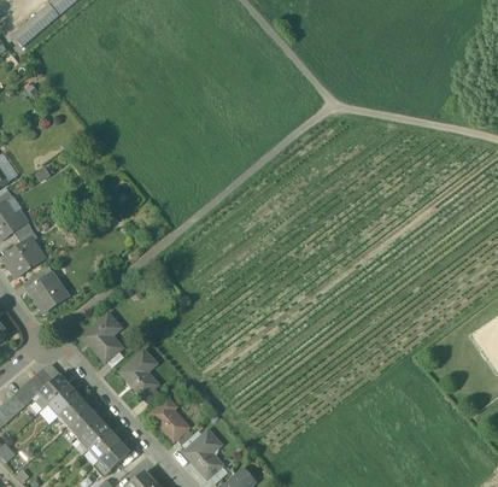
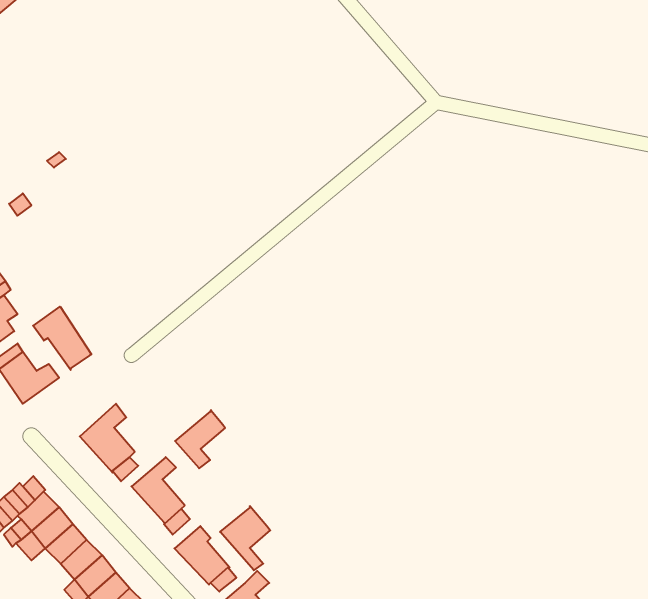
building: none -> [33,307,91,370]
building: none -> [175,410,225,468]
building: none -> [220,506,270,570]

